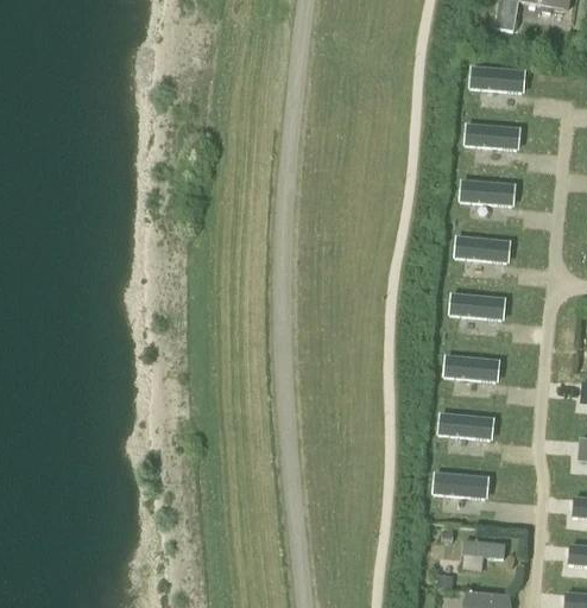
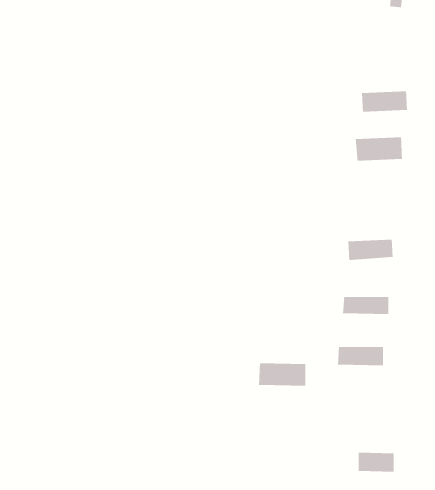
building: [469,65,522,93] -> none
building: [456,235,509,260] -> none
building: [431,468,486,495] -> [258,362,306,387]

